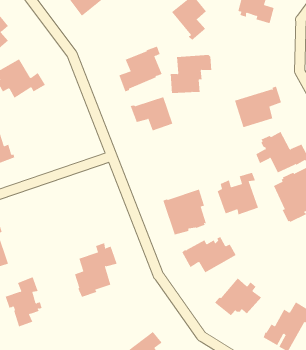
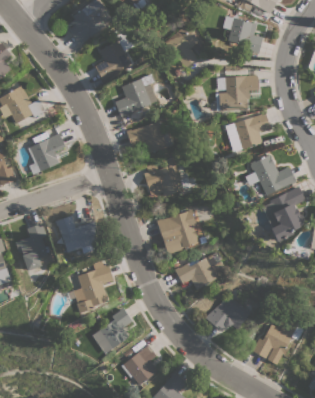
building: none -> [95,39,131,79]
building: [170,55,212,94] -> [219,74,259,111]
building: none -> [27,131,65,174]
building: [217,172,259,215] -> [144,155,184,196]
building: none -> [55,215,99,252]
building: [5,277,43,327] -> [15,222,51,270]
building: none -> [92,306,132,353]

